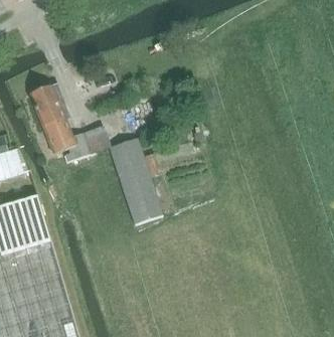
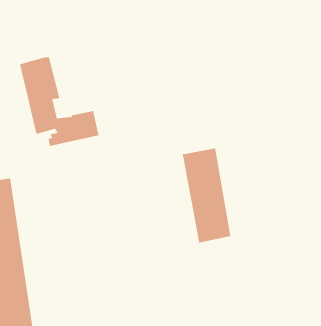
building: [109,139,162,225] -> [182,148,231,243]

